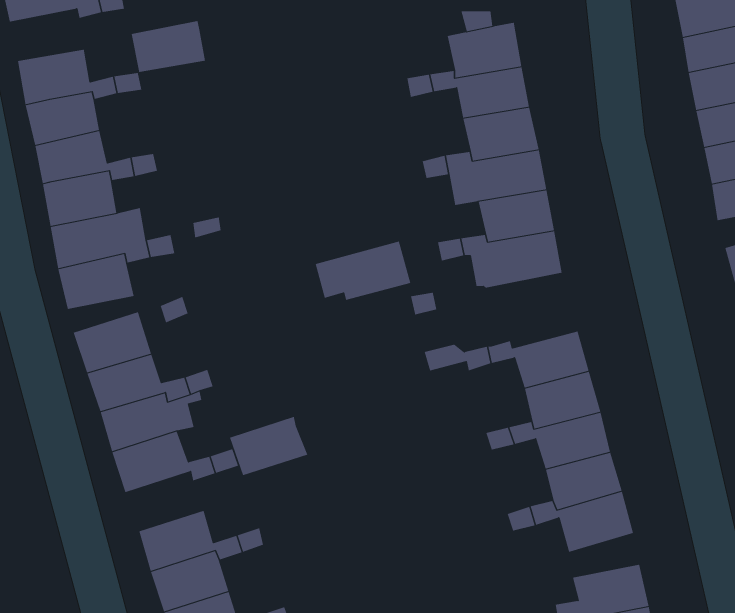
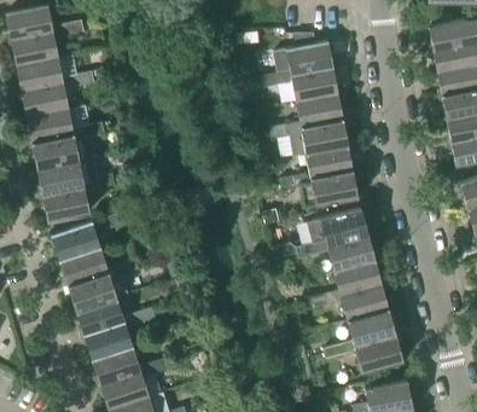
building: [131,20,206,72] -> [12,33,59,65]
building: [315,241,411,301] -> [308,208,368,245]
building: [229,416,308,476] -> [85,323,134,360]

